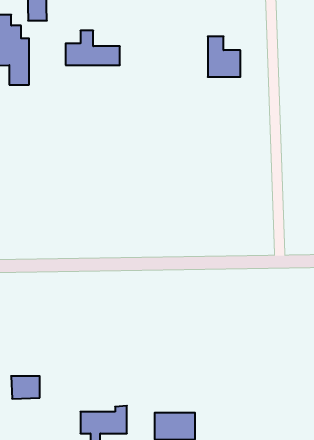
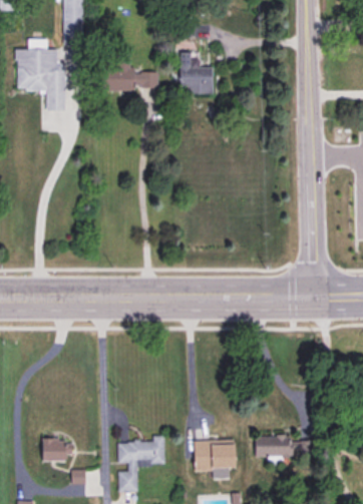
building: [208,36,240,77] -> [180,52,214,93]
building: [11,376,40,399] -> [41,438,70,461]
building: none -> [256,436,300,456]

